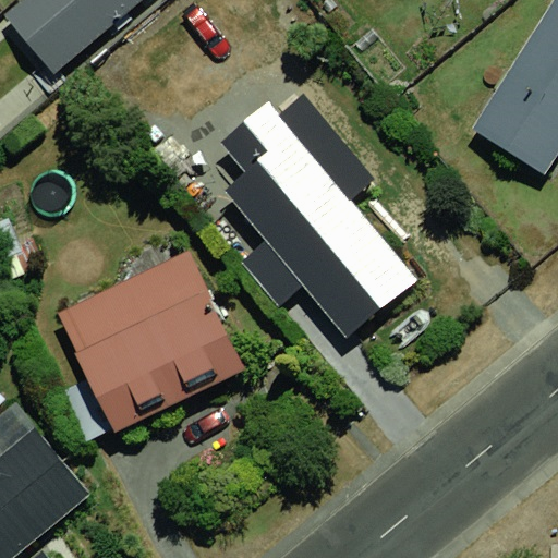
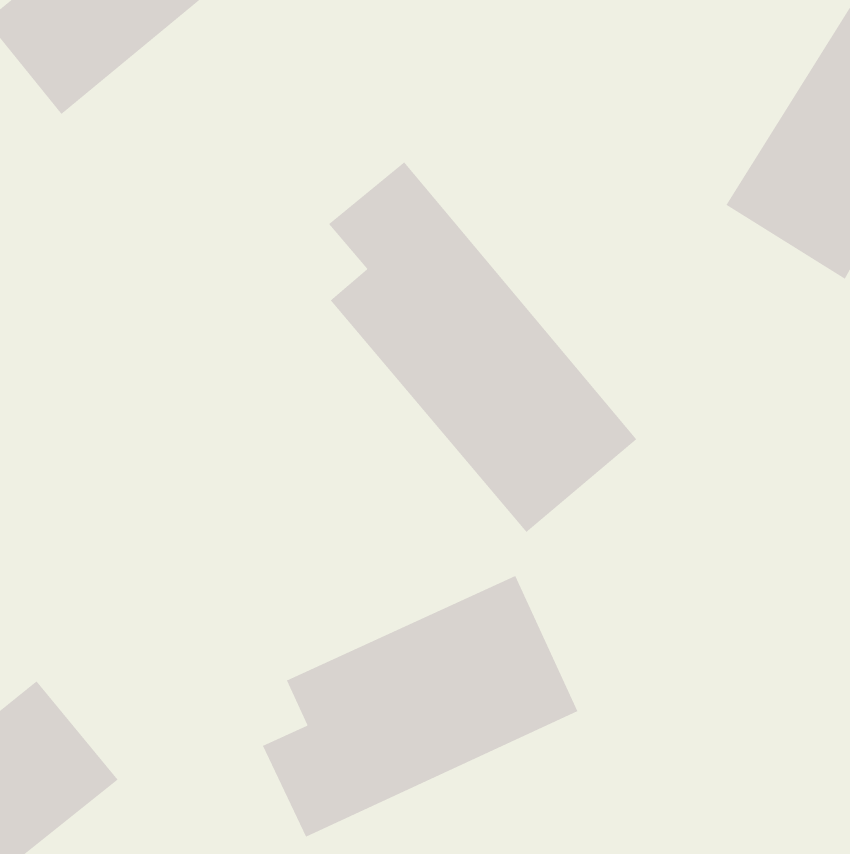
building: [57,250,245,432] -> none
building: none -> [262,575,578,838]

